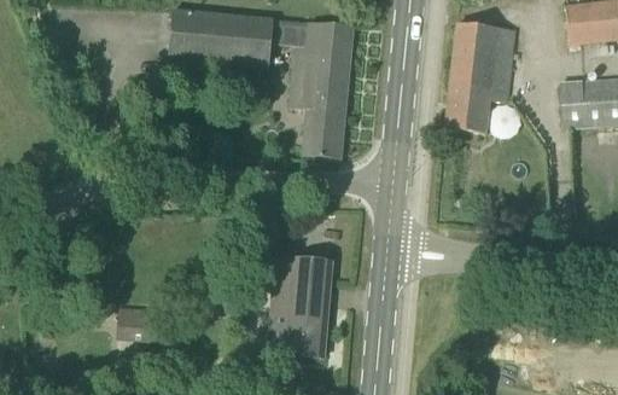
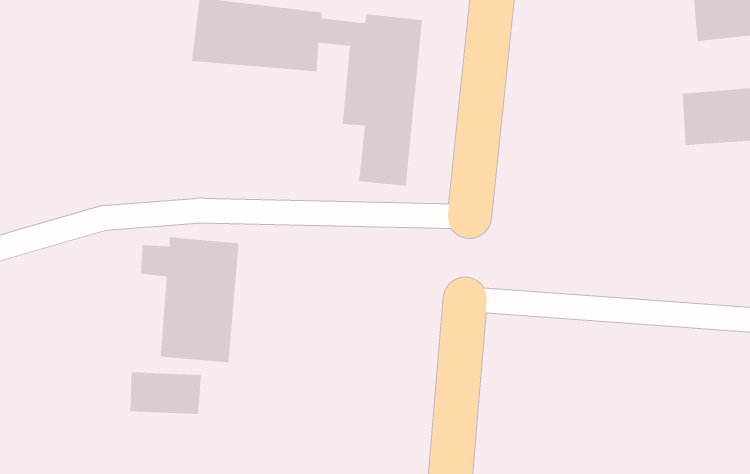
building: [444,22,513,132] -> none
building: [252,255,332,356] -> [140,237,240,363]

